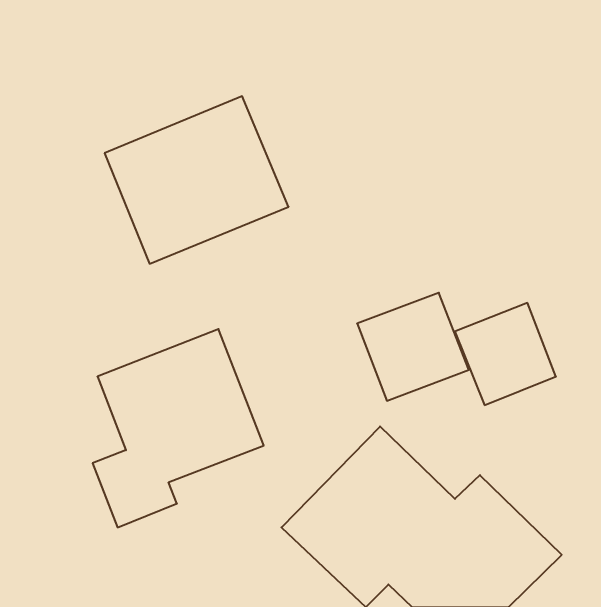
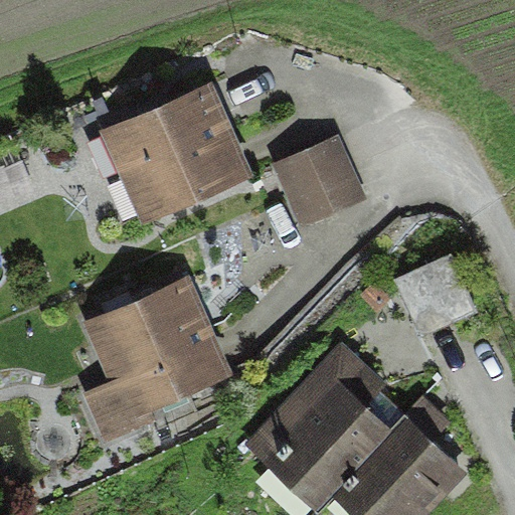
building: [357,293,469,401] -> [273,137,367,228]

